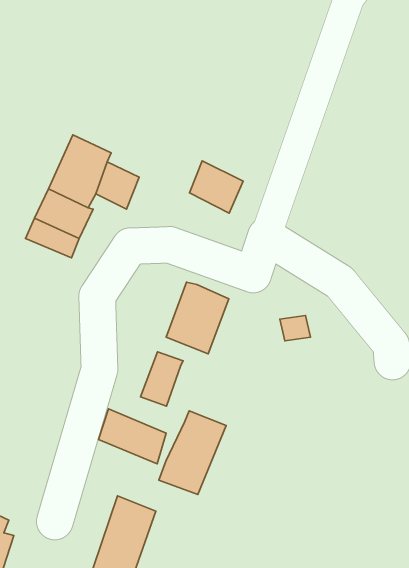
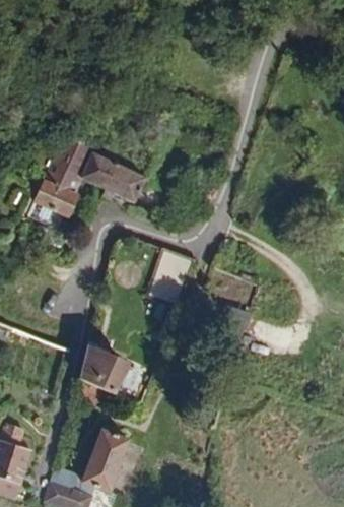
building: [189,161,243,213] -> [109,164,151,205]
building: [140,352,183,406] -> none
building: [159,411,226,495] -> none

